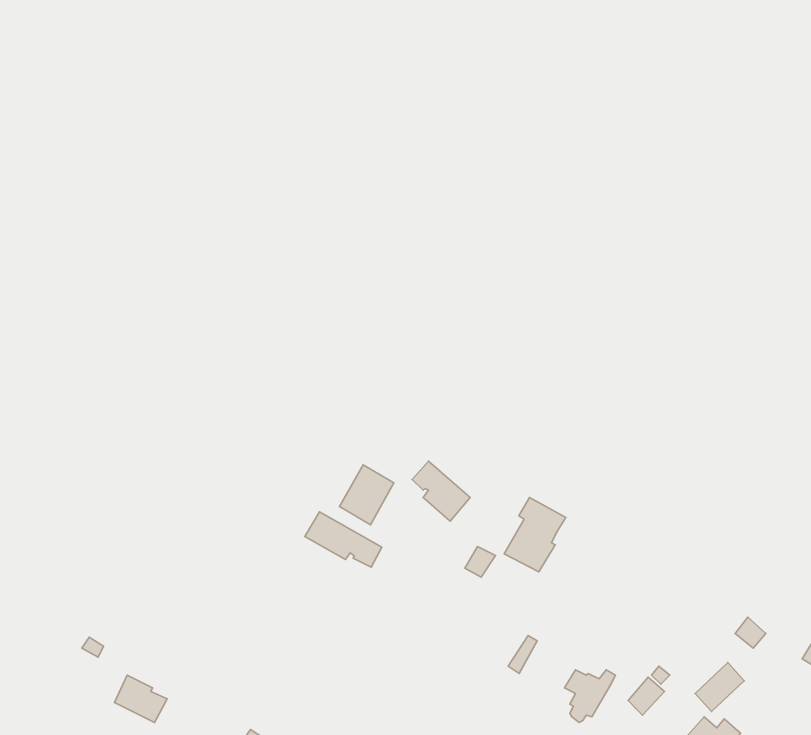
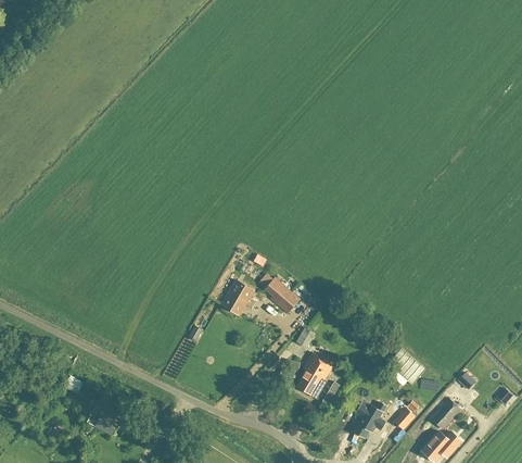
building: [504,498,566,572] -> [296,353,333,398]
building: [305,512,382,567] -> none

